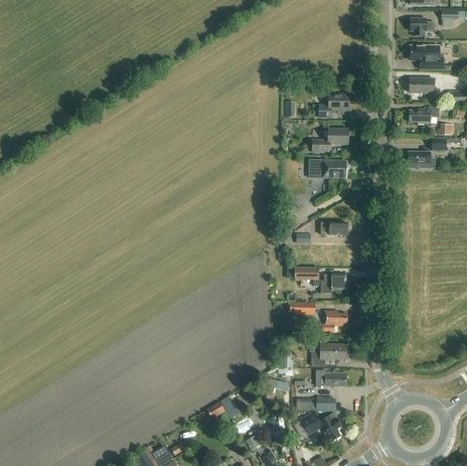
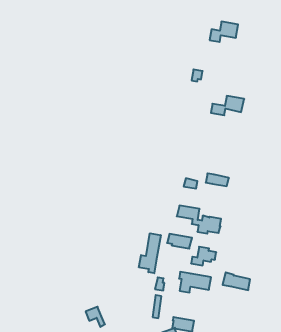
building: [319,93,349,117] -> [210,22,238,42]
building: [308,159,348,177] -> none
building: none -> [139,233,161,273]
building: [315,369,346,385] -> [223,272,250,290]

